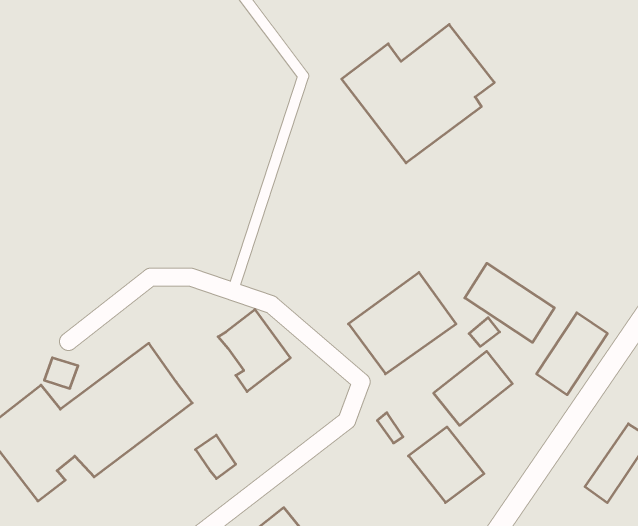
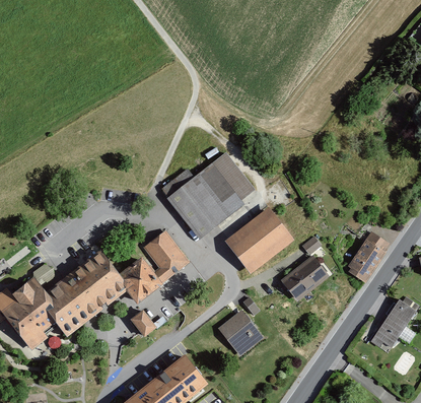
building: [342,24,494,163] -> [157,153,254,241]
building: [465,263,554,342] -> none
building: none -> [117,255,161,300]
building: [408,427,484,503] -> [217,308,265,355]

